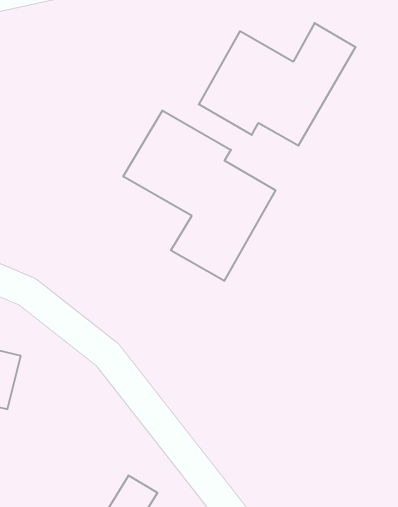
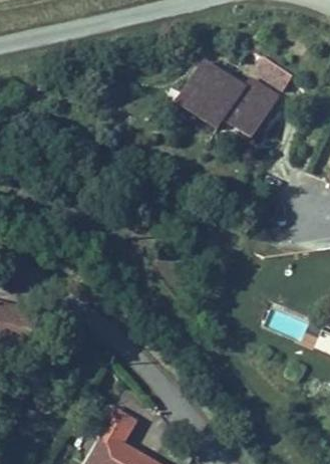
building: [123,110,275,281] -> none

